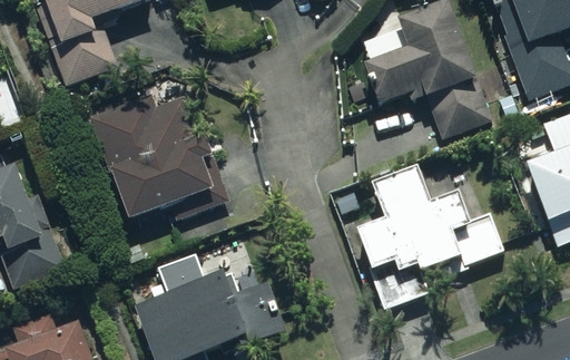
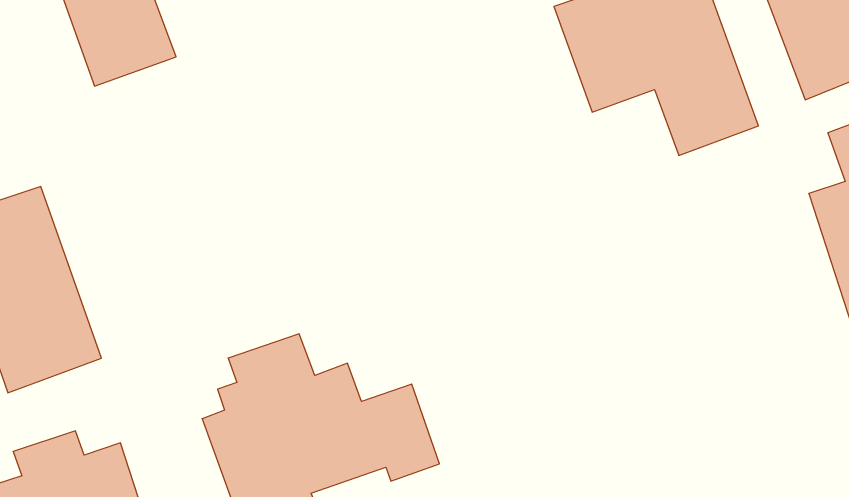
building: [90,90,215,221] -> none
building: [352,163,503,310] -> none

